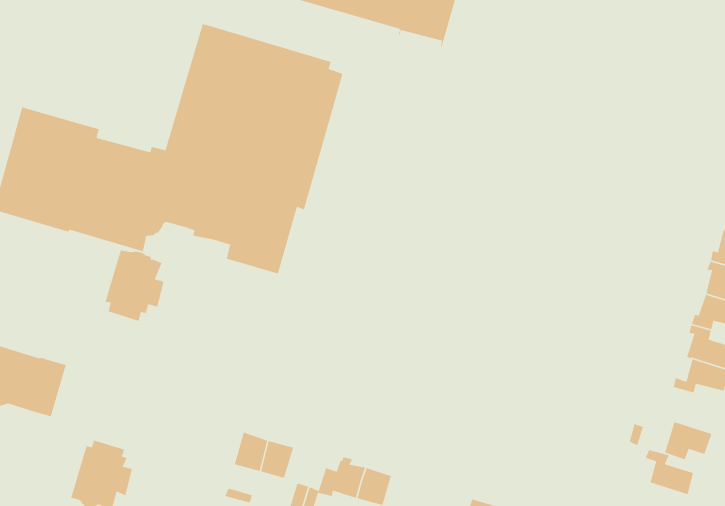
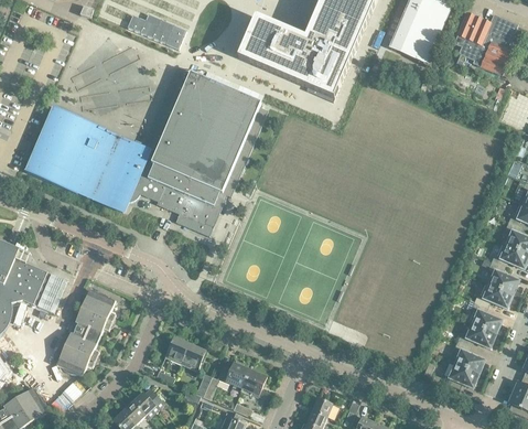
building: [105,249,165,322] -> [75,289,116,337]
building: [645,449,694,495] -> [454,341,485,374]

